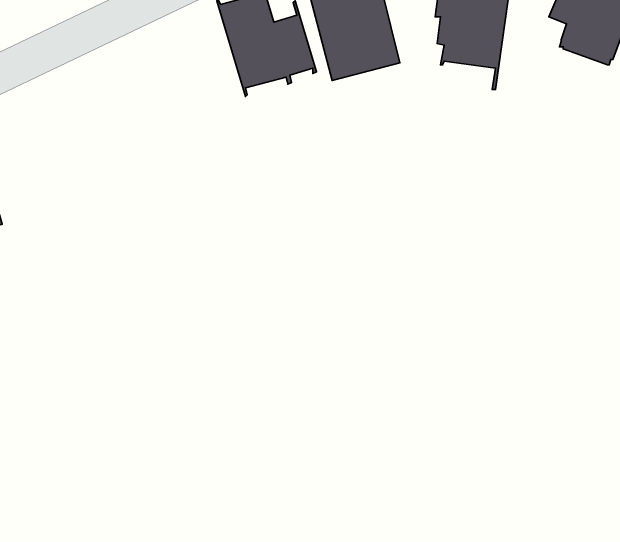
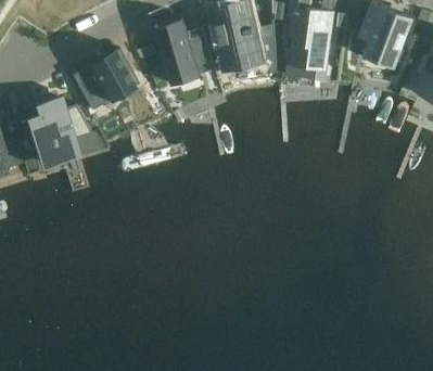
building: none -> [71,50,138,112]
building: none -> [26,101,90,164]

